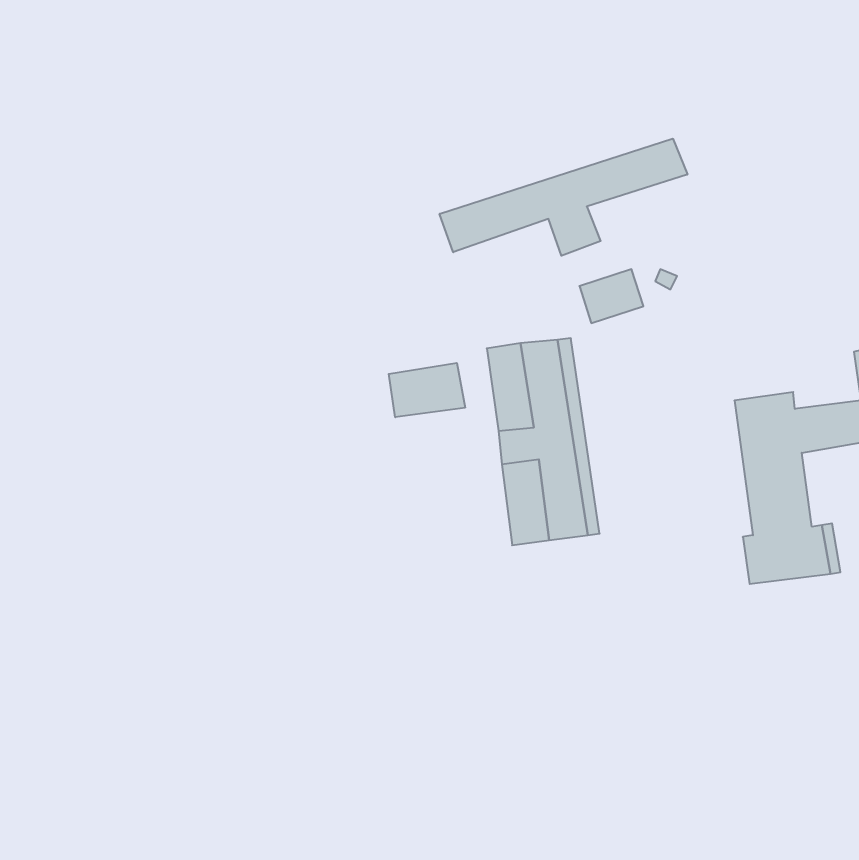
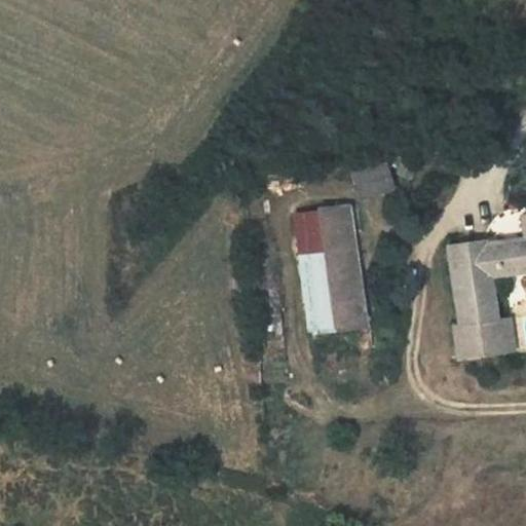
building: [440,139,687,256] -> none
building: [389,363,465,417] -> none

